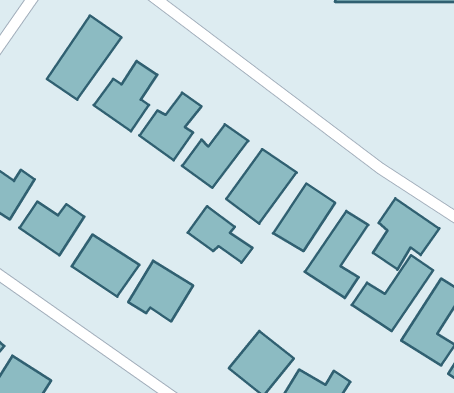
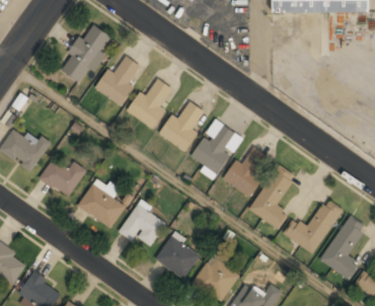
building: [373,198,439,270] -> none
building: [188,206,252,263] -> none
building: none -> [155,234,201,280]

